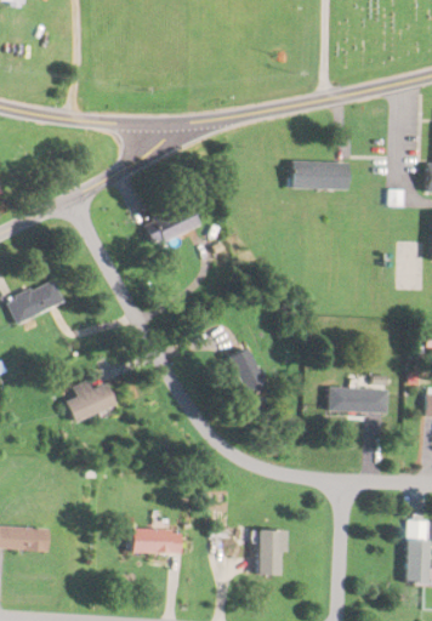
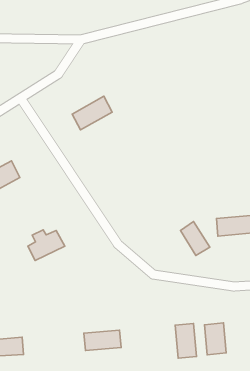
building: [290,161,347,189] -> none
building: [226,346,265,393] -> [180,221,210,255]
building: none -> [205,323,226,355]

